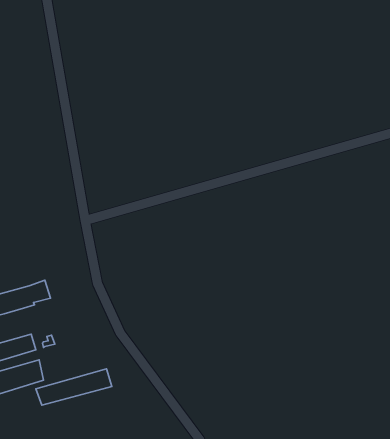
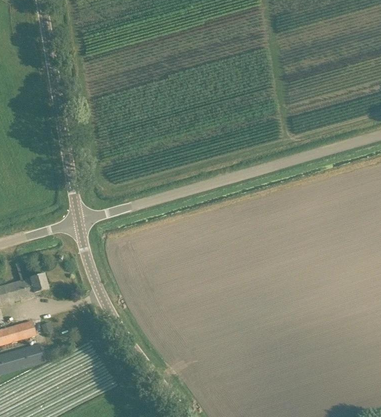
building: [36,369,112,405] -> none

